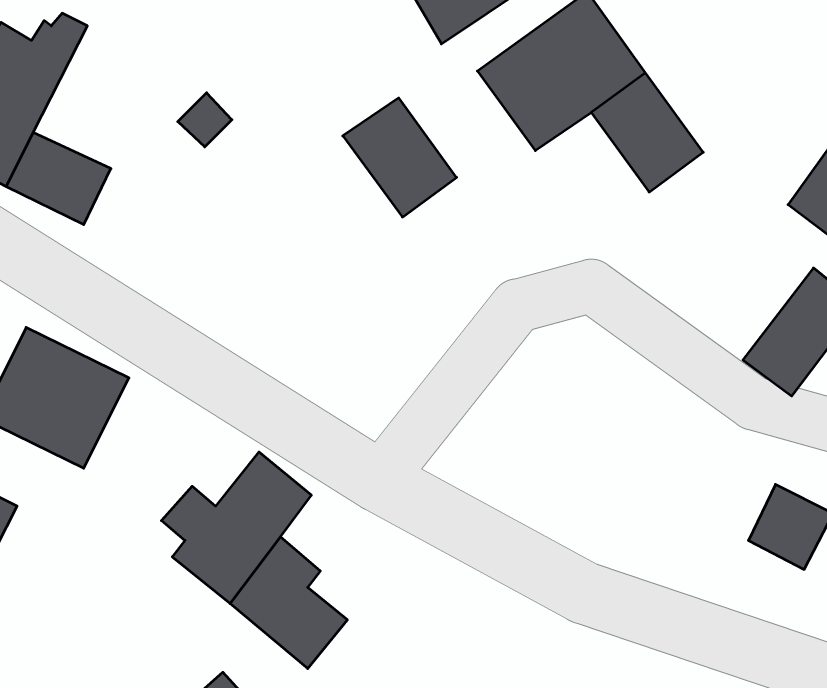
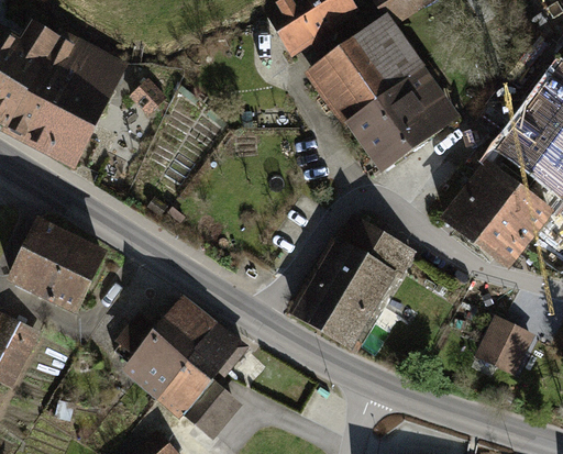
building: none -> [44,42,122,129]
building: [343,98,457,217] -> [350,95,419,167]
building: none -> [448,167,519,245]
building: none -> [296,220,411,345]
building: none -> [195,328,244,376]

